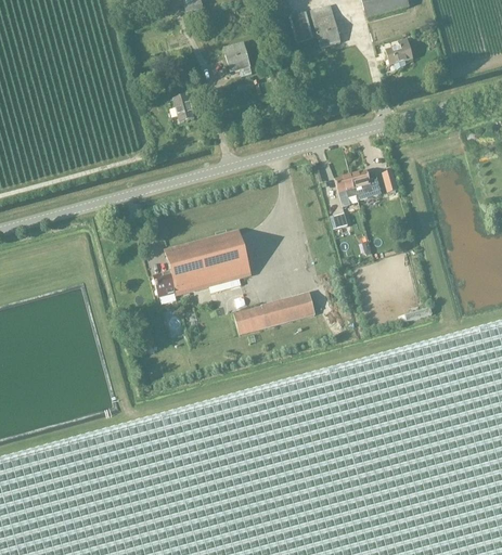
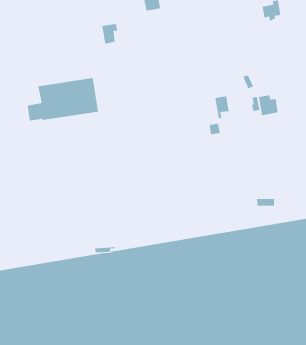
building: [350,172,379,202] -> [258,95,278,116]
building: [152,231,249,298] -> [27,77,99,121]
building: [231,294,314,337] -> none

